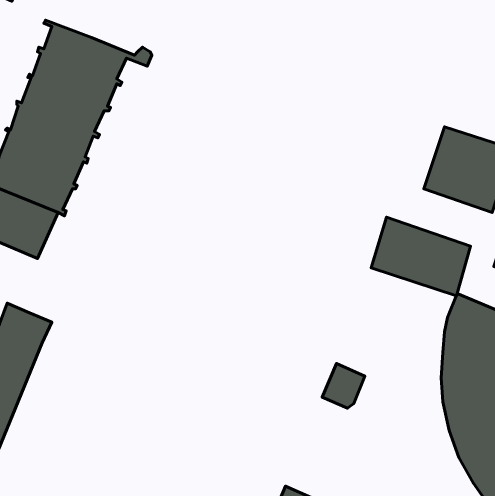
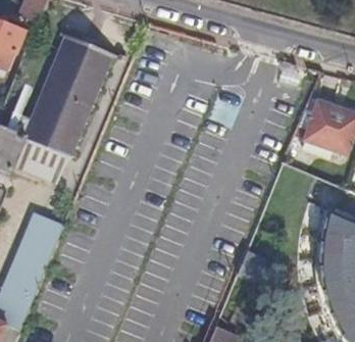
building: [371,217,471,296] -> none

